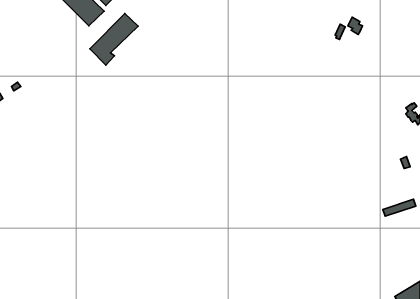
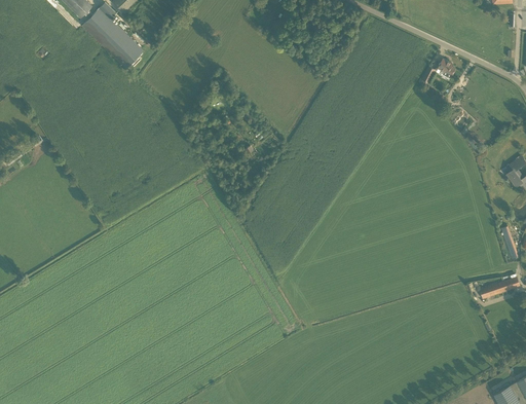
building: [90,14,138,65] -> none

